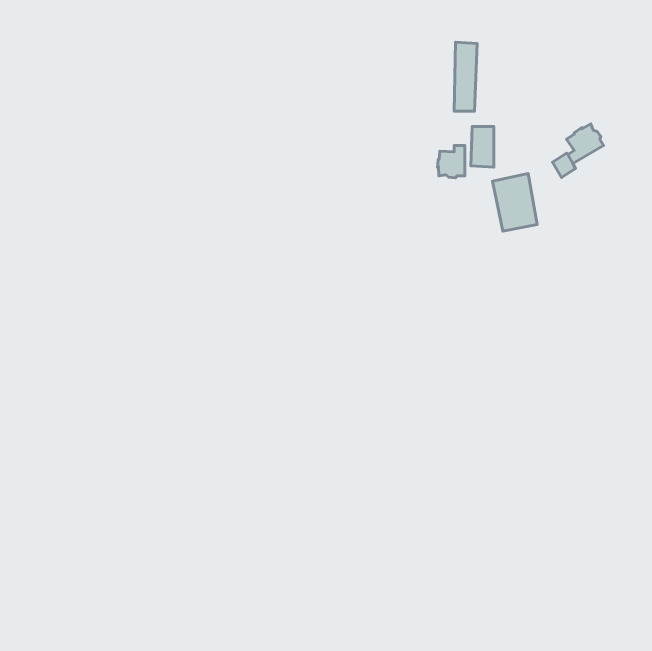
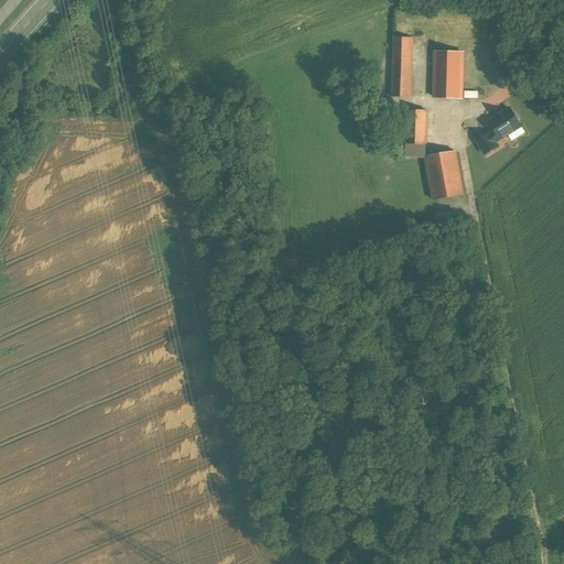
building: none -> [434,61,463,97]
building: [437,145,465,178] -> none

